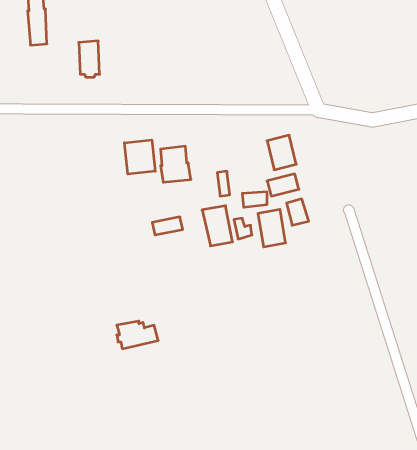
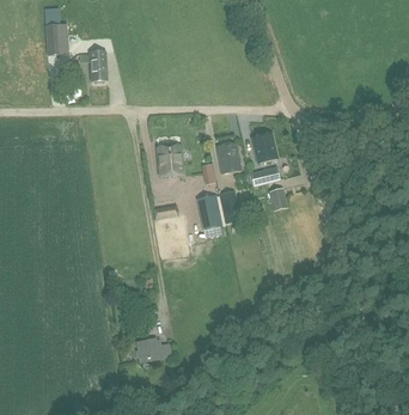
building: [124,140,155,174] -> none
building: [258,209,286,247] -> [215,141,239,173]
building: [117,321,158,349] -> [135,338,171,362]

